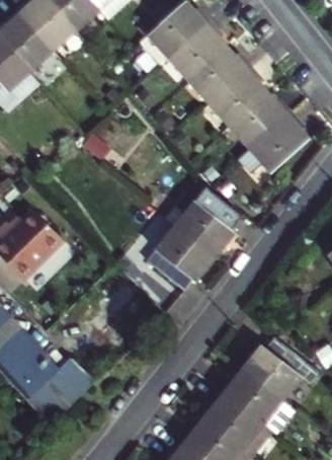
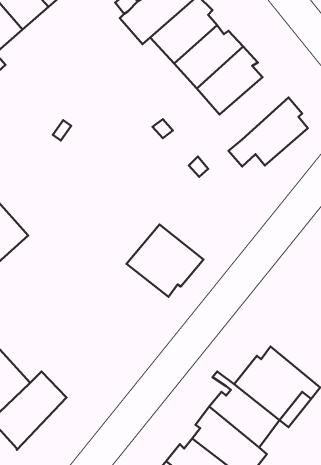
building: [230,94,292,150] -> none
building: [166,191,240,257] -> none

